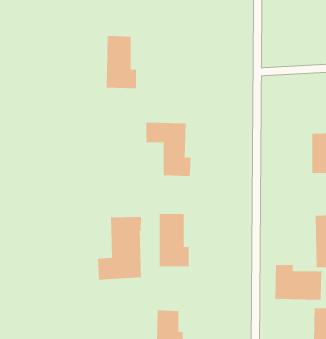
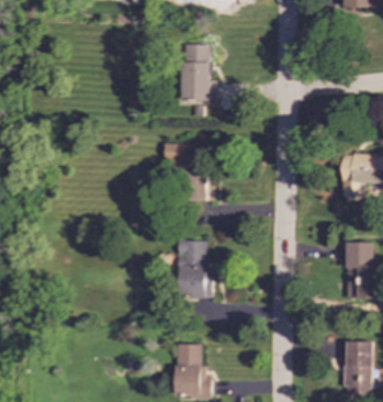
building: [106,35,137,89] -> [182,43,215,100]
building: [97,216,141,281] -> none
building: [275,264,322,300] -> none

